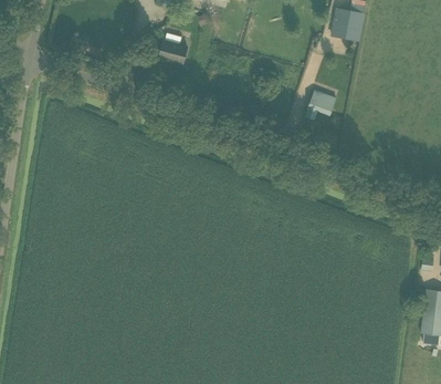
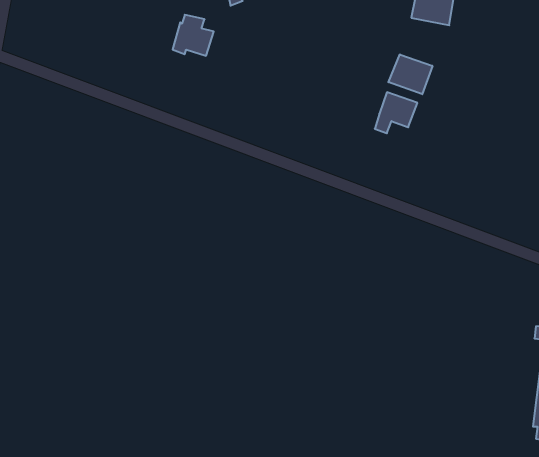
building: none -> [388,54,432,94]

